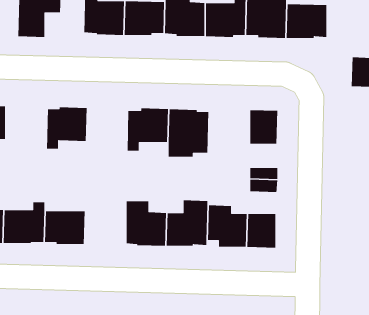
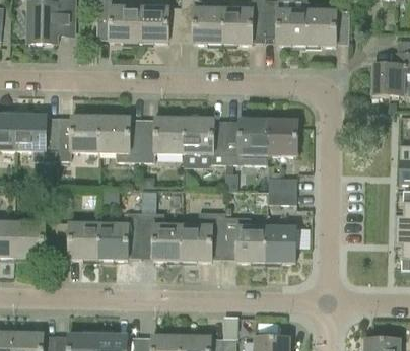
building: none -> [16,115,59,162]
building: none -> [99,117,142,162]
building: none -> [225,119,268,165]
building: none -> [97,212,140,260]

